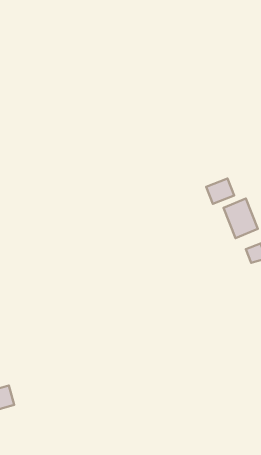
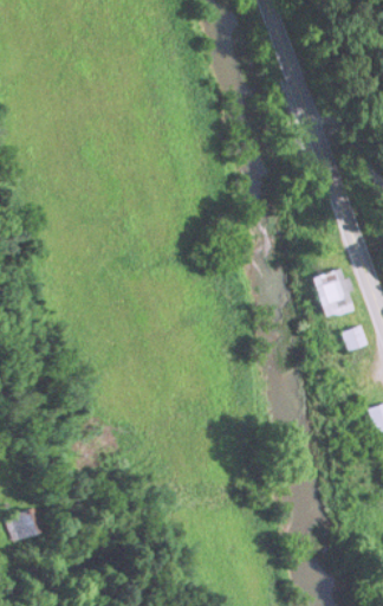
building: [206,178,234,204] -> none

